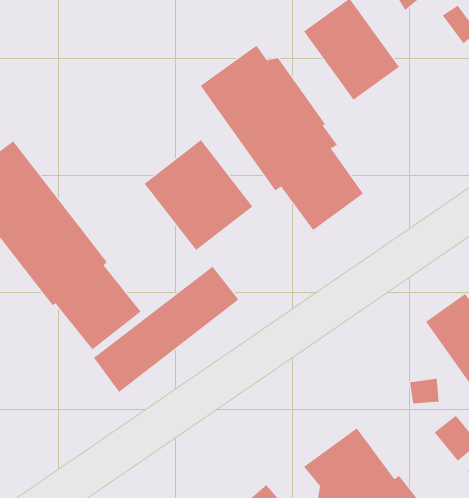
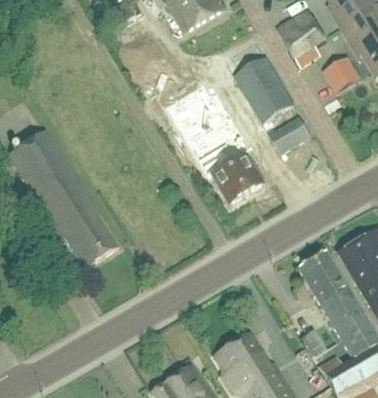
building: none -> [268,116,309,153]
building: [144,139,253,251] -> none
building: [93,266,239,393] -> none

